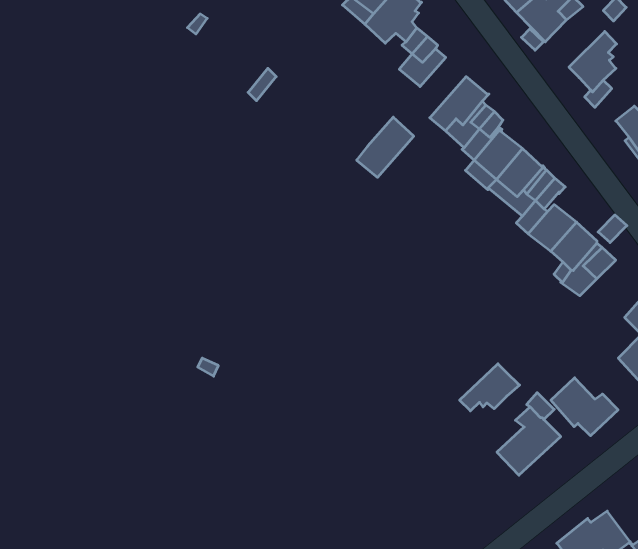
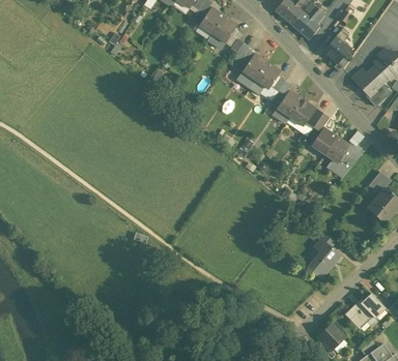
building: [357,117,414,177] -> [237,53,267,87]
building: [460,364,520,411] -> none
building: [551,378,618,436] -> none

